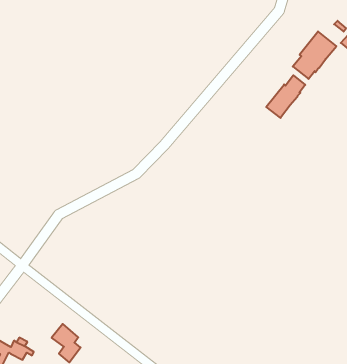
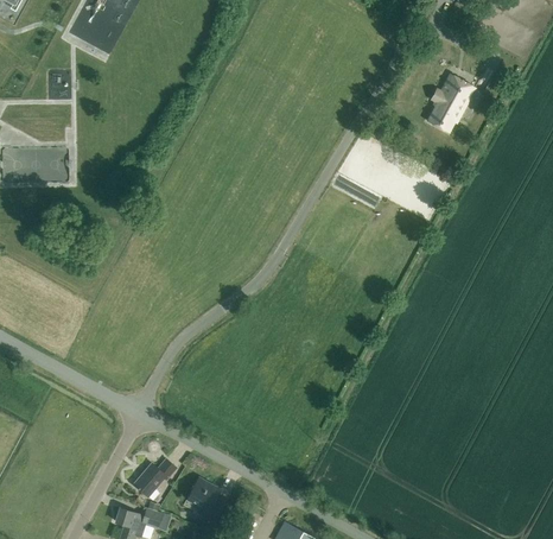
building: [266,75,305,118] -> none
building: none -> [133,459,176,496]

